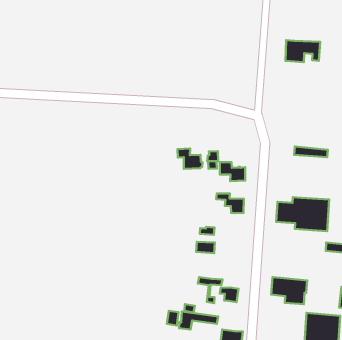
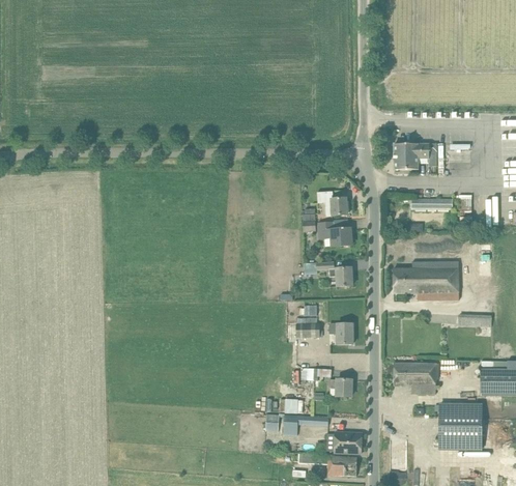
building: [286,40,320,62] -> [395,143,437,170]
building: [178,148,202,169] -> [318,191,350,217]
building: none -> [331,323,353,344]

